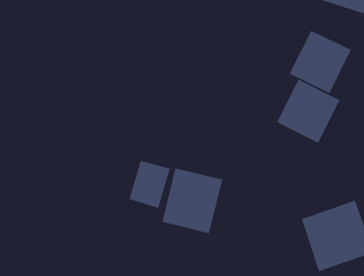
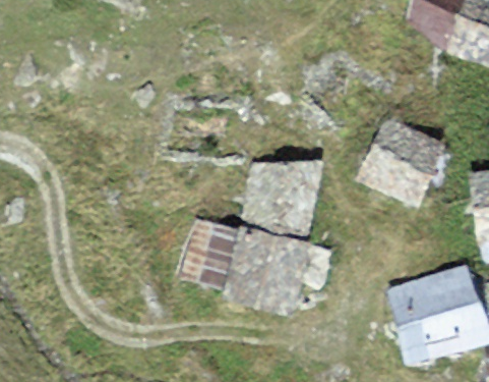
building: [289,30,352,94] -> none
building: none -> [245,164,319,233]

